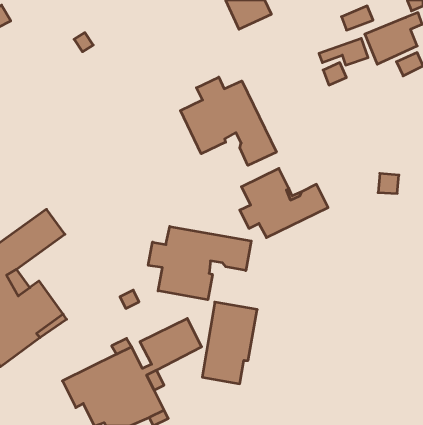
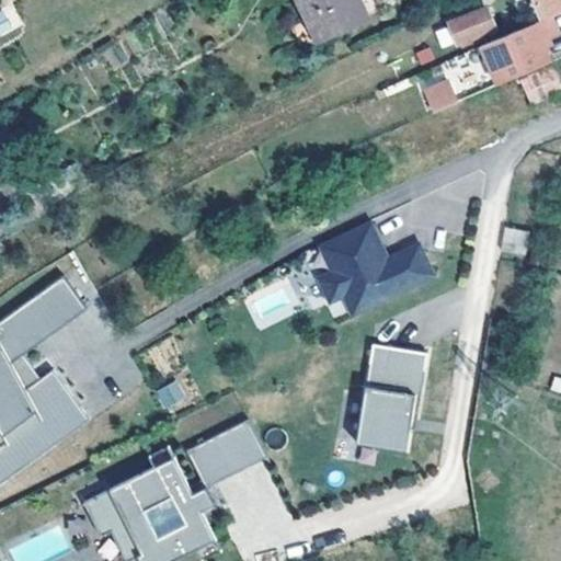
building: [180,77,276,165] -> none
building: [148,226,251,300] -> none
building: [202,302,257,384] -> [356,340,428,447]

